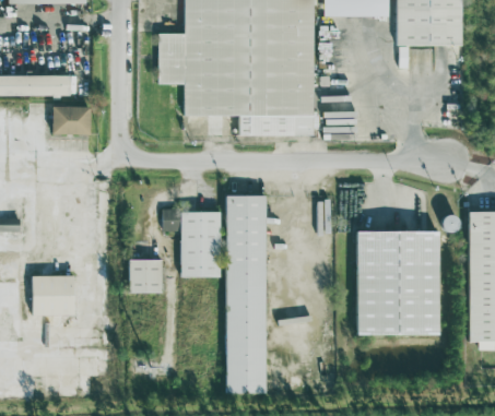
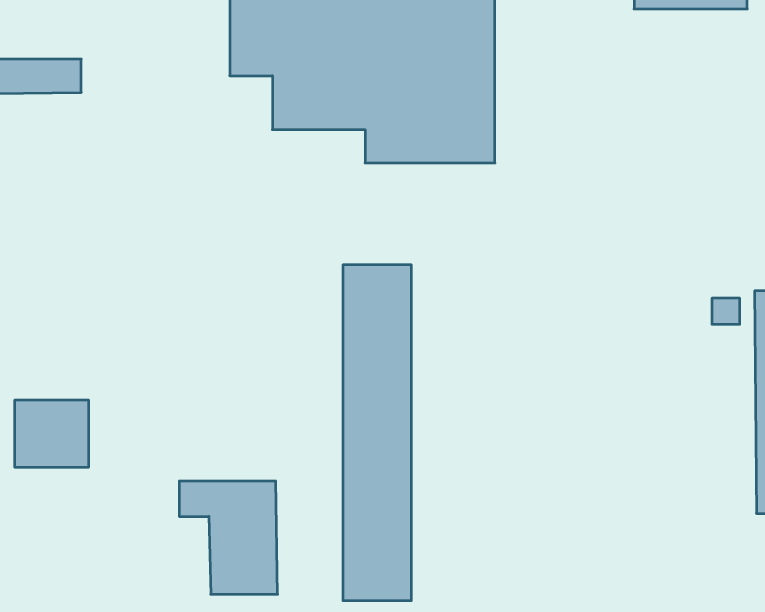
building: [52,106,90,134] -> none
building: [163,210,221,276] -> [179,481,278,594]
building: [355,230,439,335] -> none
building: [129,259,163,293] -> none

